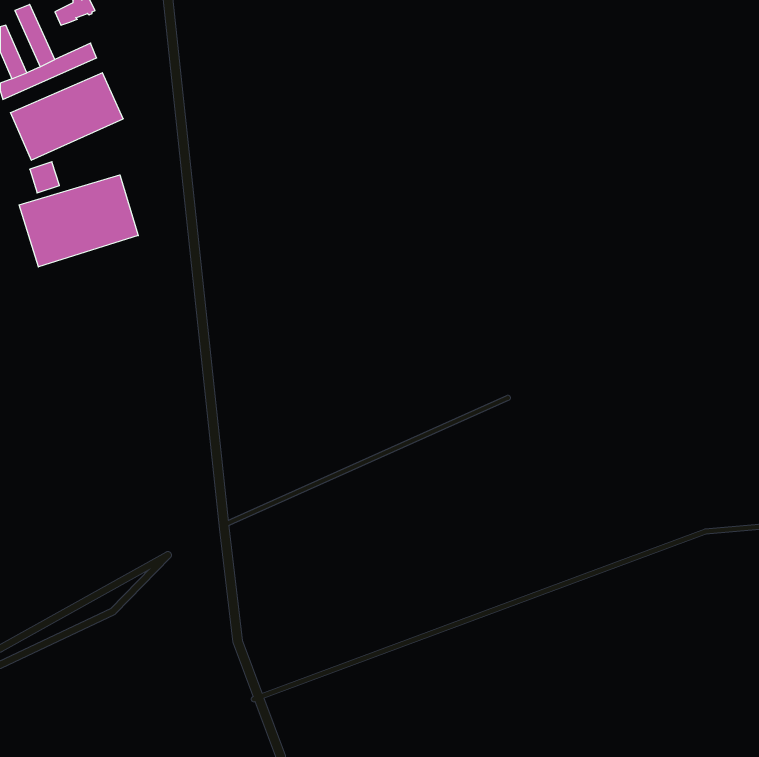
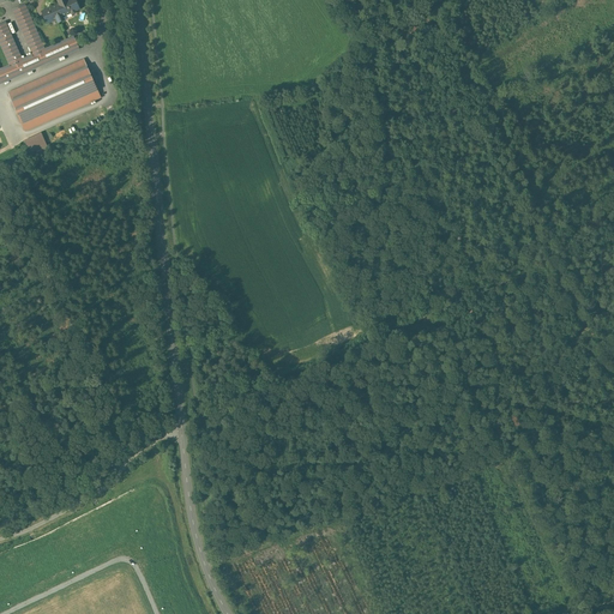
building: [19,175,138,267] -> none

